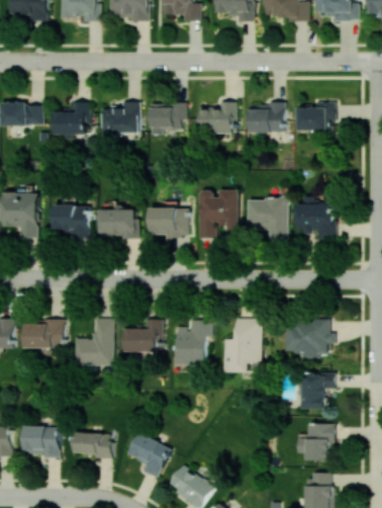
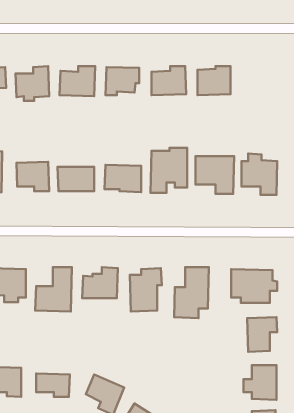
building: [298,102,336,131] -> none

